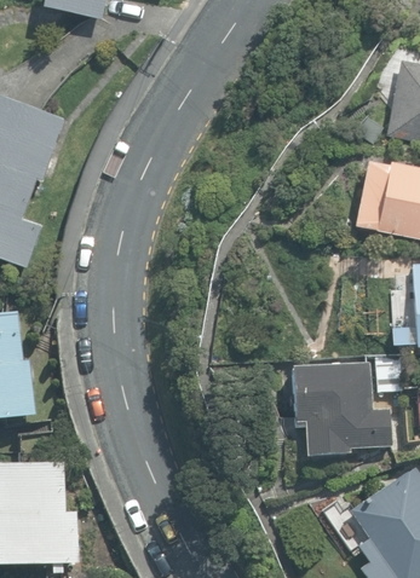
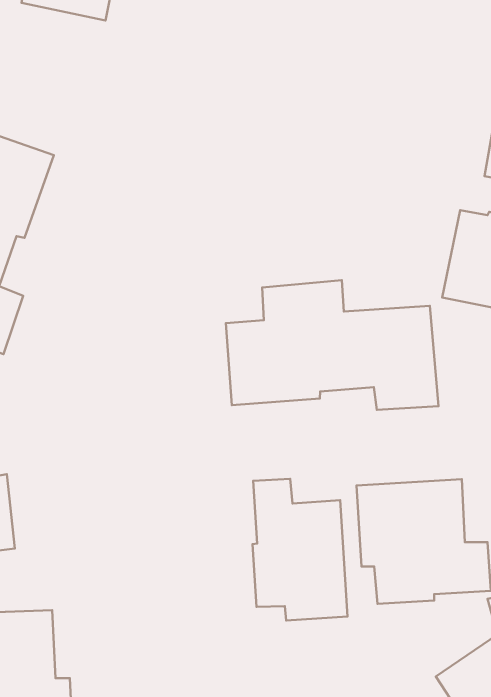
building: none -> [226,280,438,410]
building: none -> [252,479,347,620]

